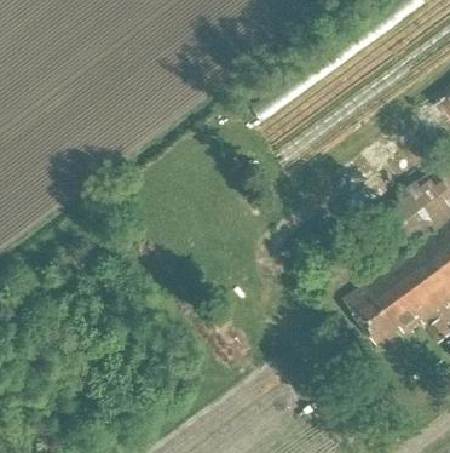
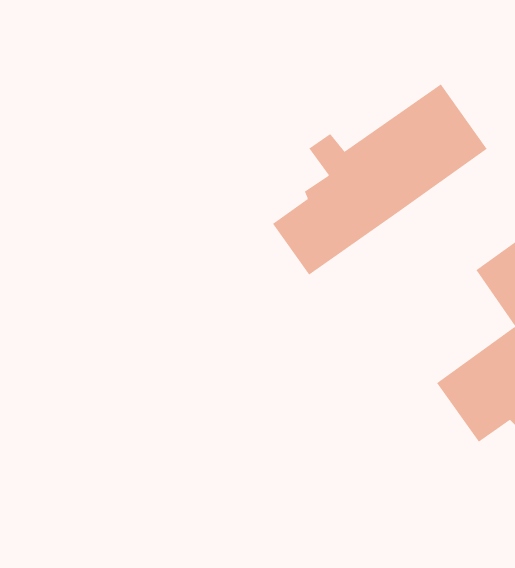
building: none -> [272,83,488,276]

